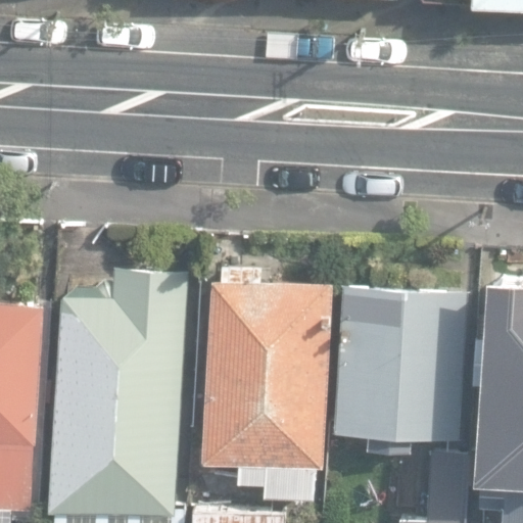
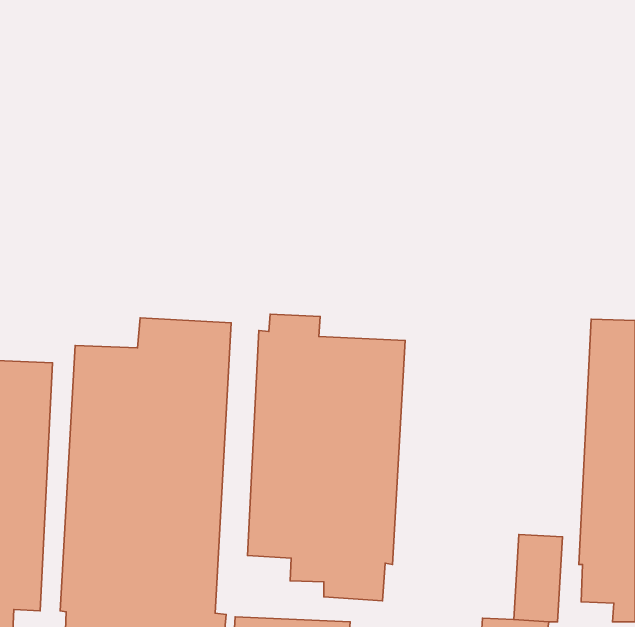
building: [334,291,468,456] -> none

